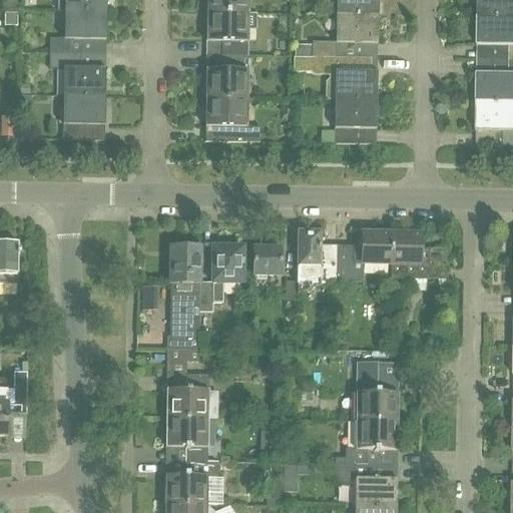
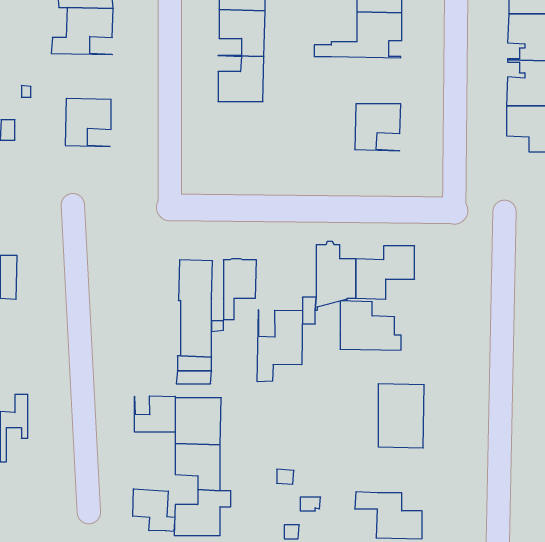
building: [49,50,106,93] -> none
building: [294,53,377,97] -> none
building: [204,95,261,139] -> none
building: [390,230,447,277] -> [340,301,401,350]
building: [252,244,281,274] -> none
building: none -> [257,310,302,382]
building: none -> [135,396,175,432]
building: [335,419,398,462] -> none
building: none -> [133,489,175,531]

